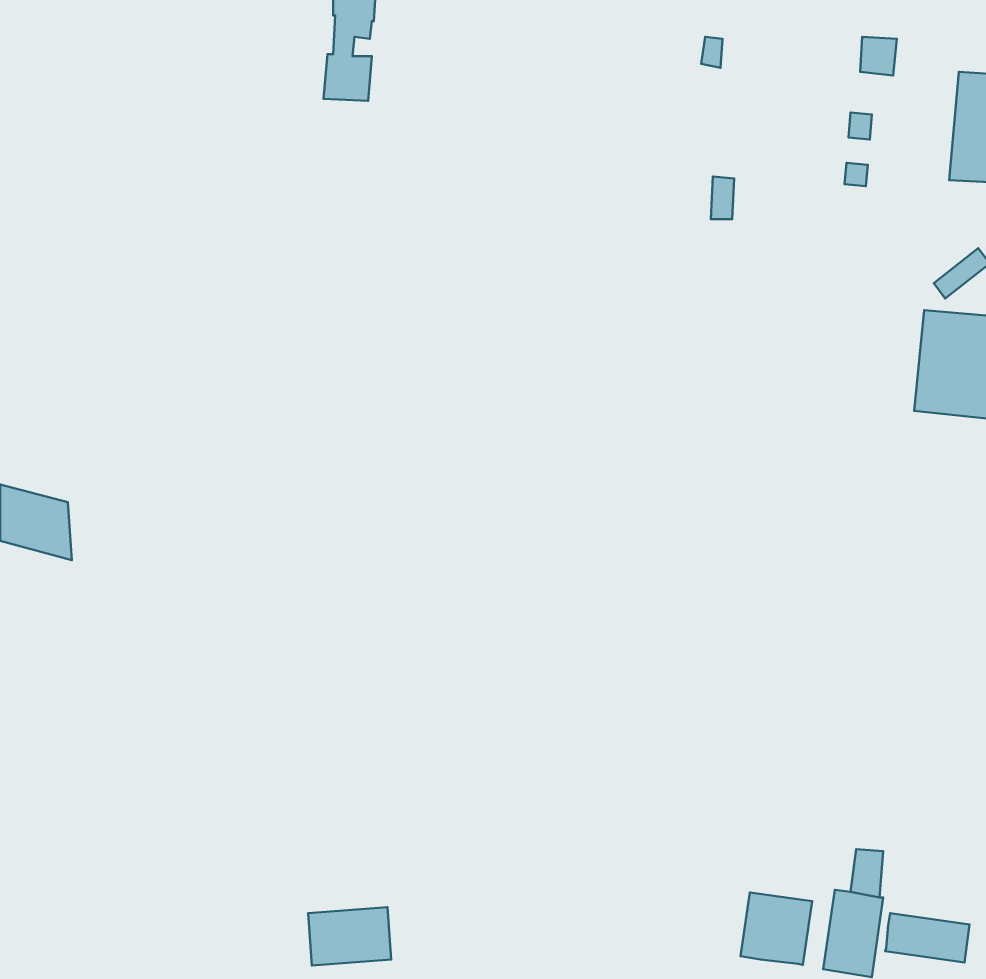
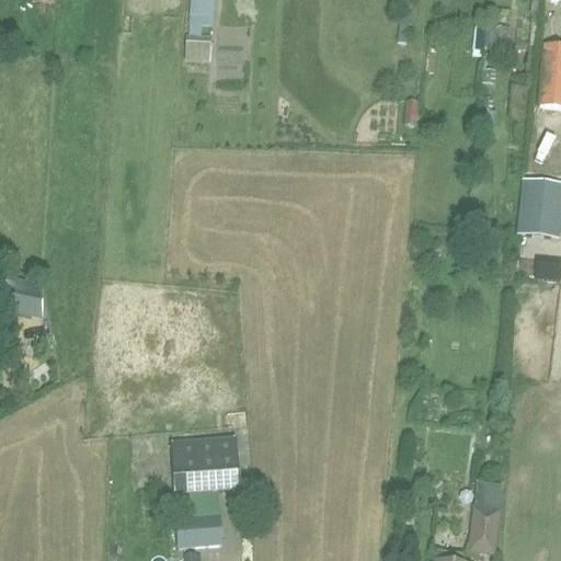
building: none -> [170,436,241,504]
building: [741,893,812,965] -> none
building: [885,913,970,963] -> none

